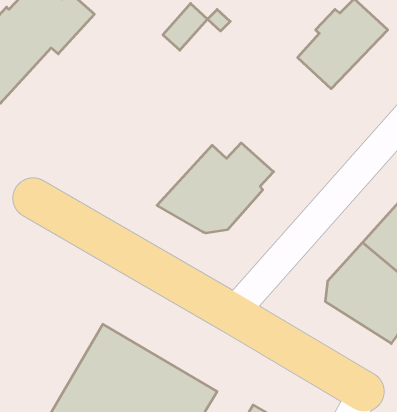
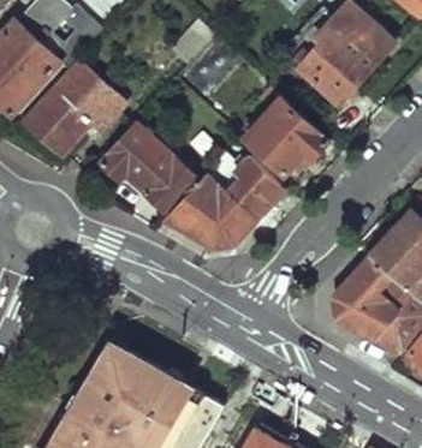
building: none -> [23,62,124,156]
building: none -> [249,94,331,174]
building: none -> [100,117,202,211]

